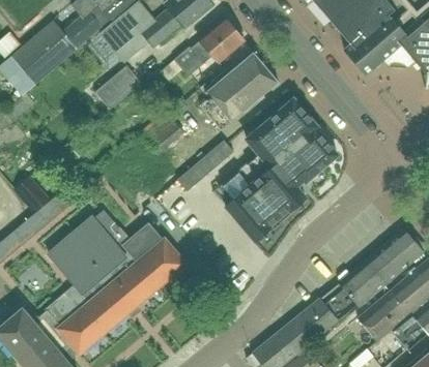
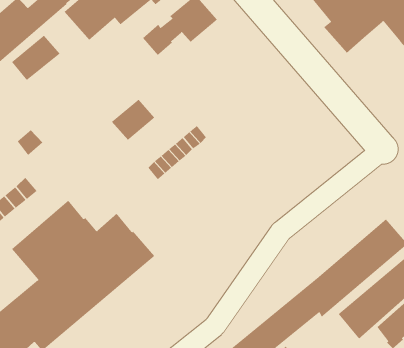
building: [199,52,278,129] -> none
building: [94,66,141,110] -> [11,35,61,81]
building: [225,98,337,241] -> none

